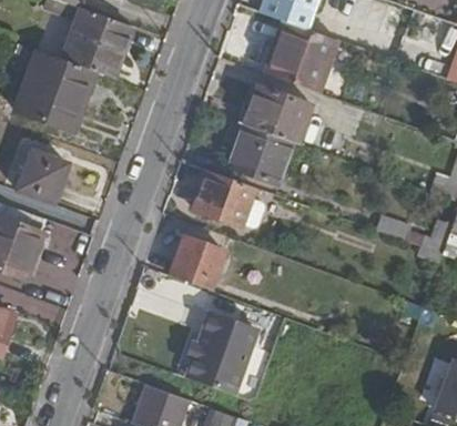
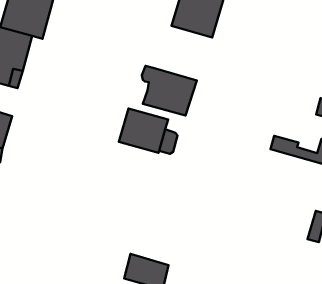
building: [241,82,313,142] -> none
building: [170,234,222,286] -> none
building: [197,312,253,358] -> none

